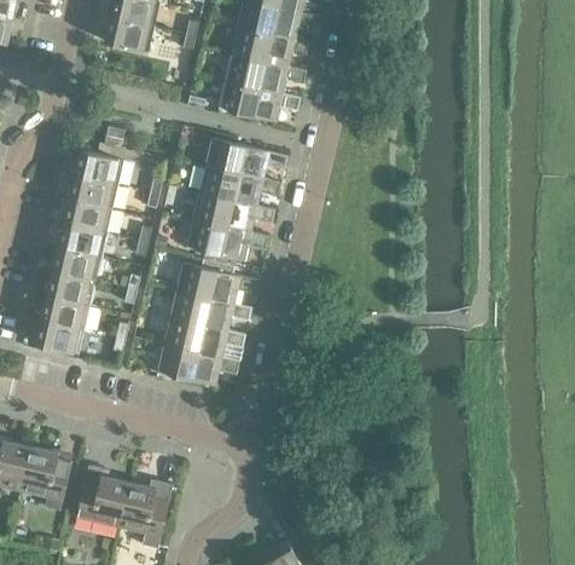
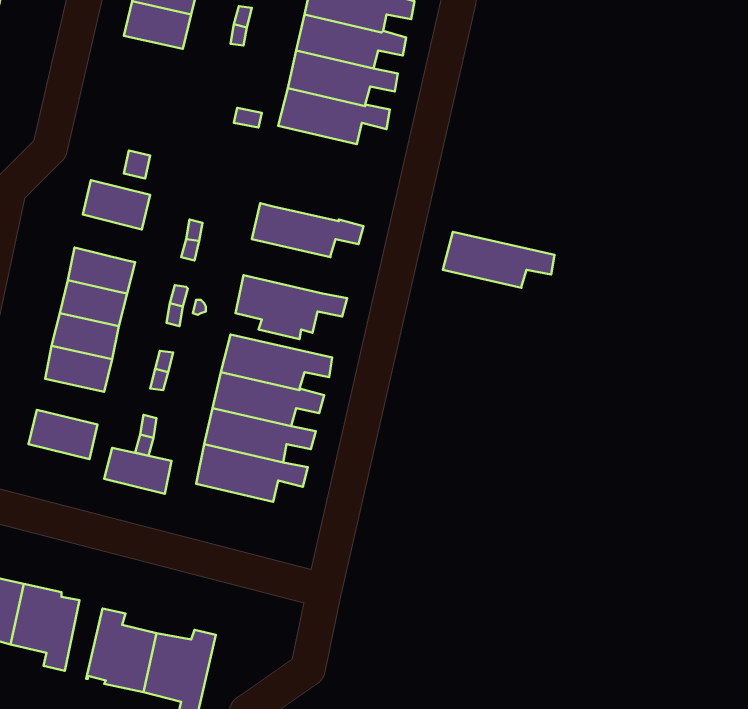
building: [203,138,285,179] -> [443,232,554,288]
building: [66,174,116,209] -> none
building: [191,192,273,232] -> none
building: [39,295,88,329] -> [104,448,171,494]

